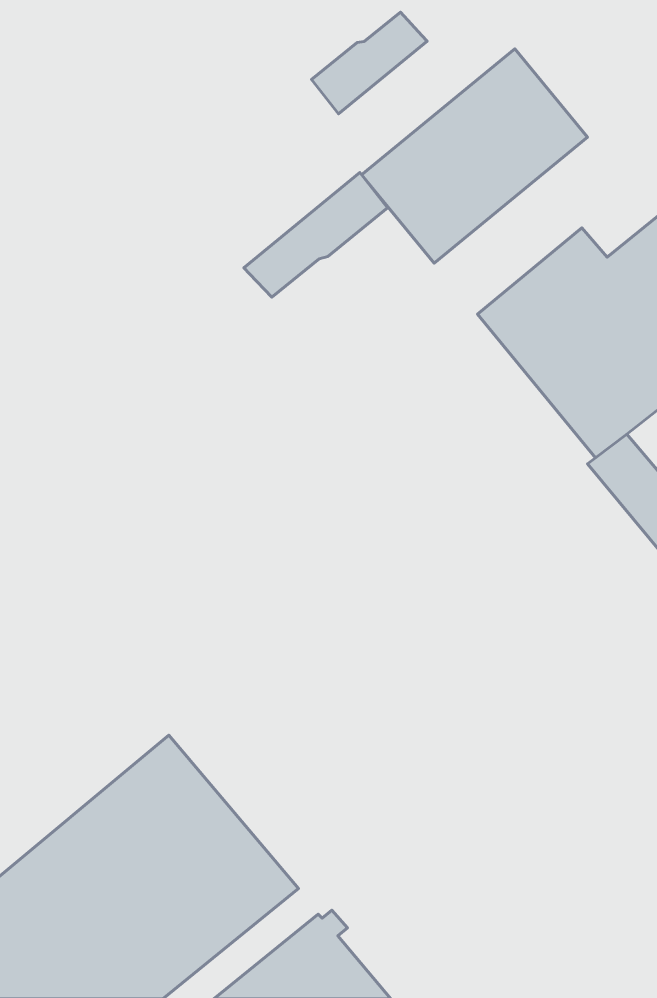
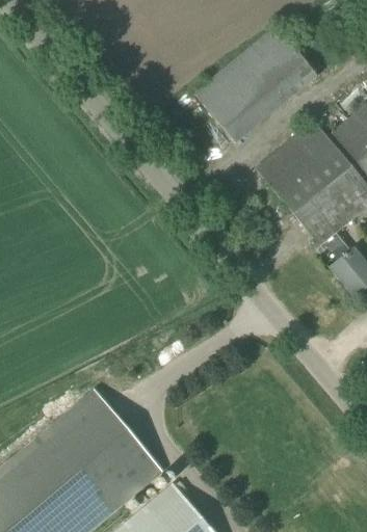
building: [312,12,427,114] -> none
building: [244,173,387,297] -> none

